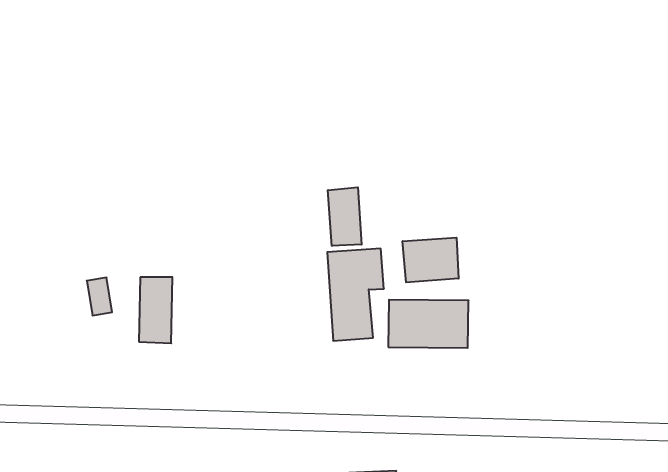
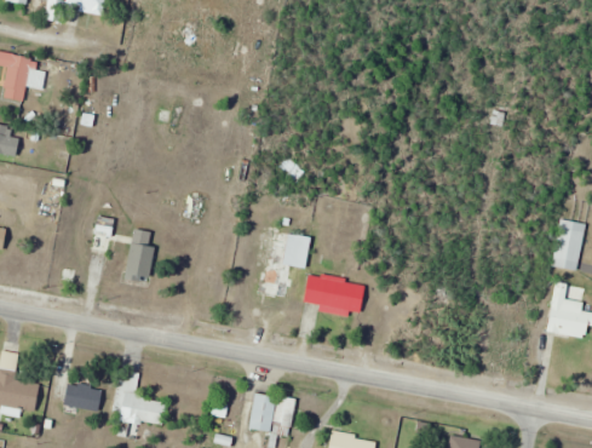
building: [328,187,362,246] -> none
building: [403,238,459,282] -> none

